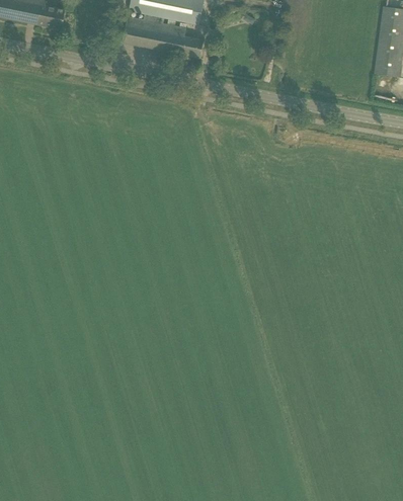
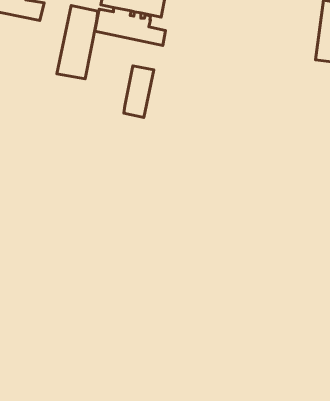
building: none -> [57,5,98,79]
building: none -> [124,66,154,118]

